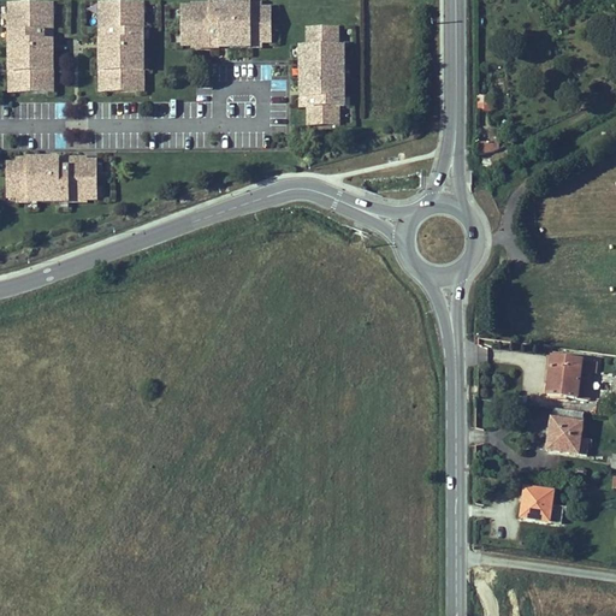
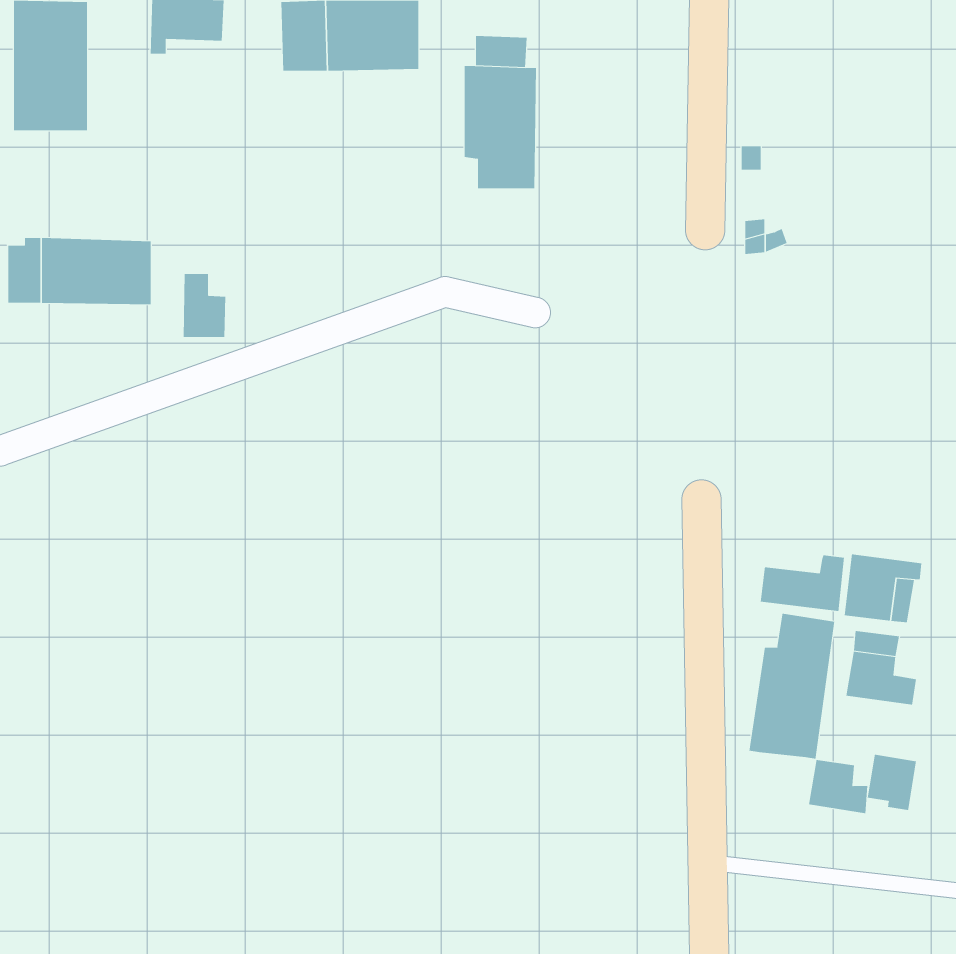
building: [96,25,143,91] -> none
building: none -> [183,273,226,338]
building: none -> [760,554,844,612]
building: none -> [749,613,835,759]
building: none -> [867,754,917,811]

